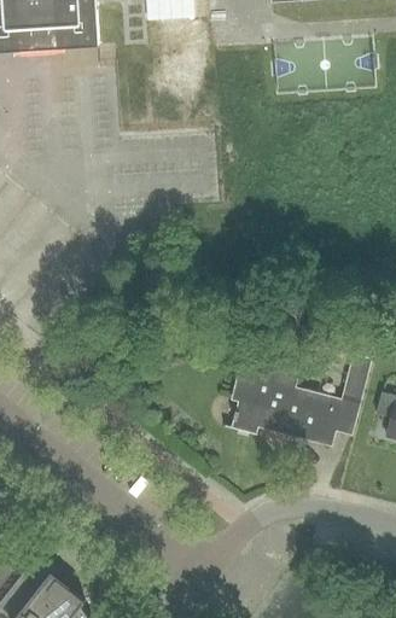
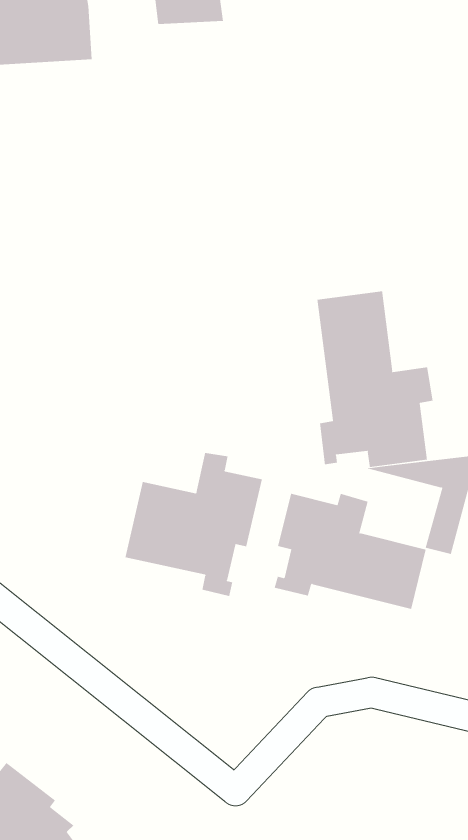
building: none -> [317,291,433,468]
building: none -> [125,452,262,597]

